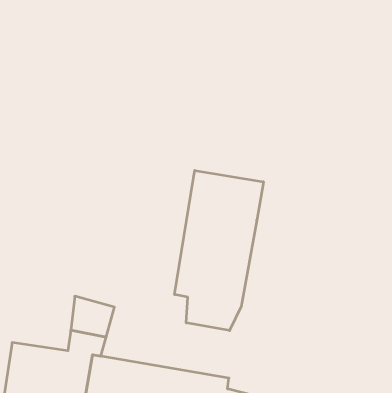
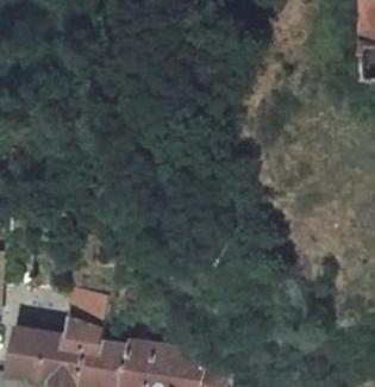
building: [175,170,263,331] -> none

